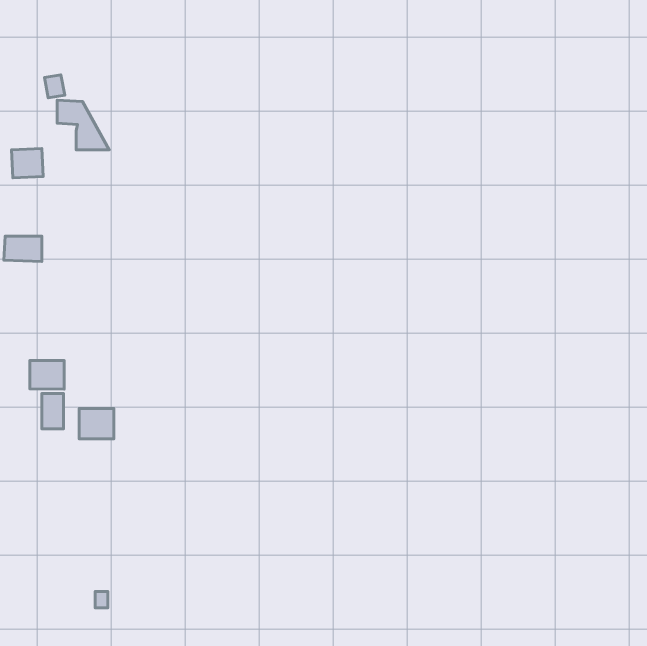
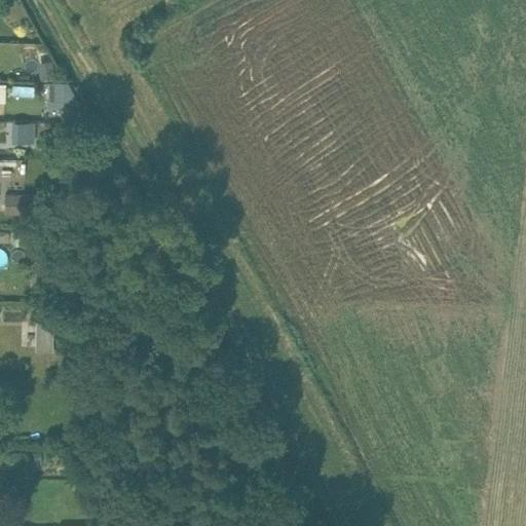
building: [30,360,64,389] -> none
building: [79,408,114,439] -> none

